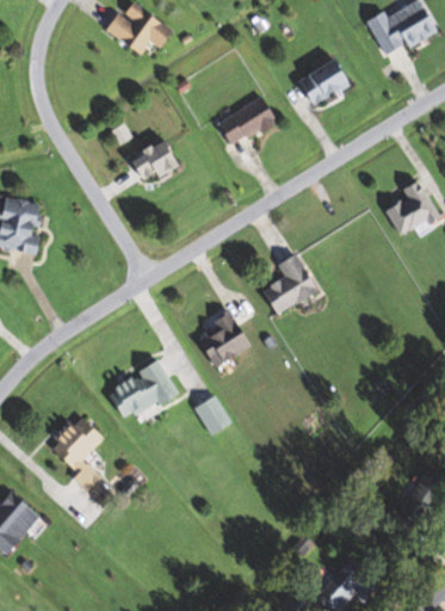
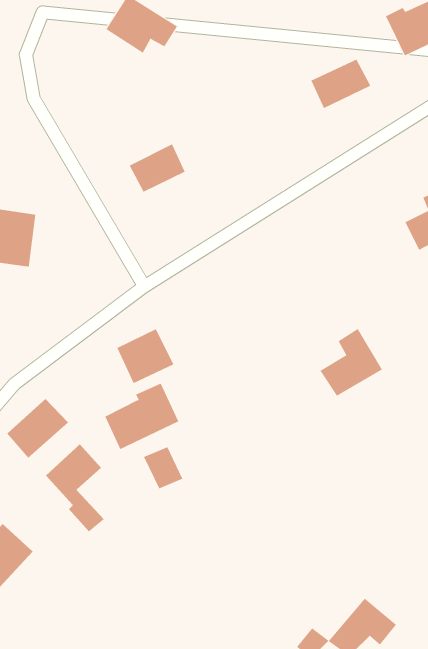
building: [217,95,277,147] -> none
building: [260,252,319,315] -> [320,328,383,396]
building: [197,314,251,365] -> [116,329,174,384]
building: none -> [7,398,69,459]
building: [192,395,229,434] -> [143,447,183,489]

